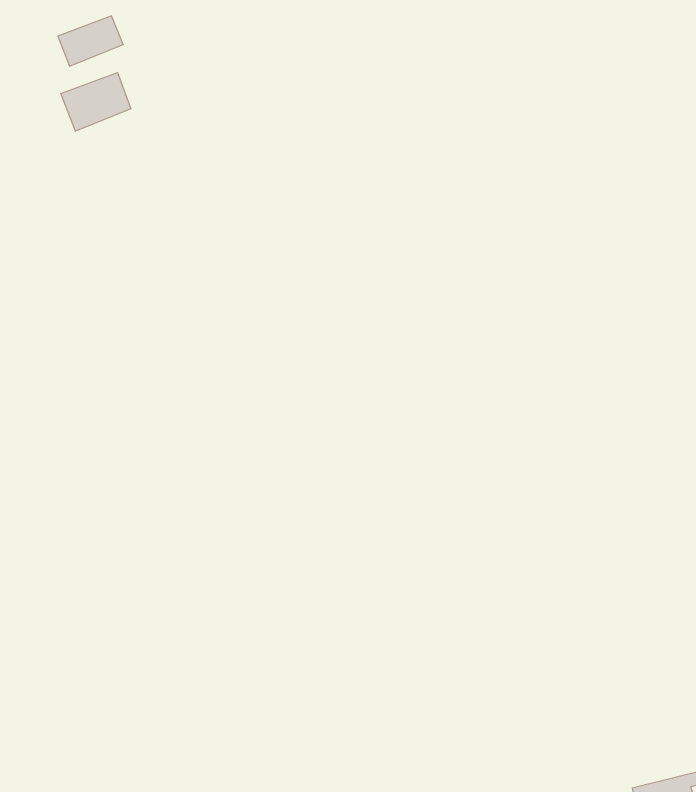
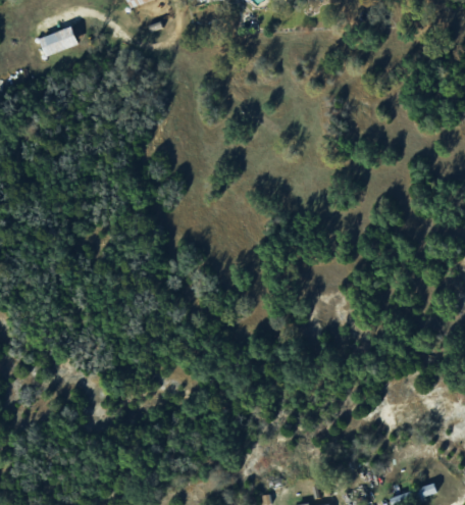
building: [61,73,131,131] -> none

